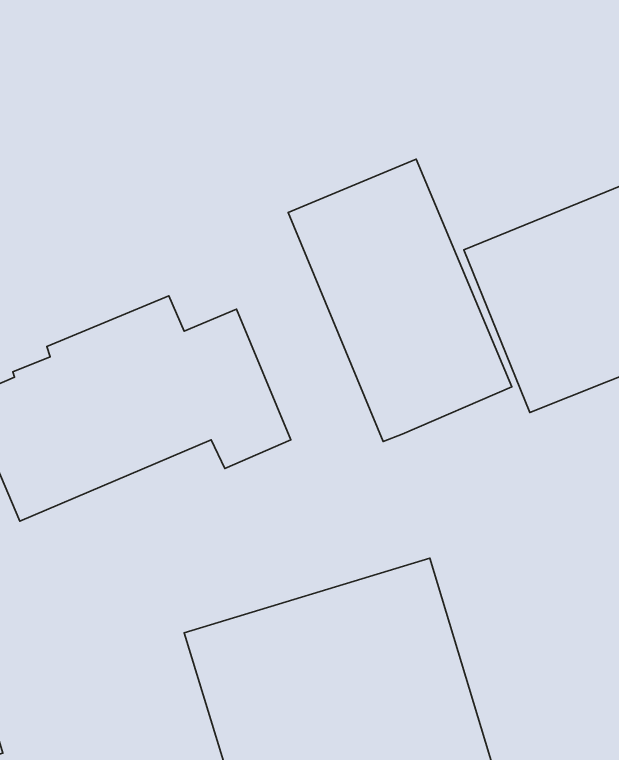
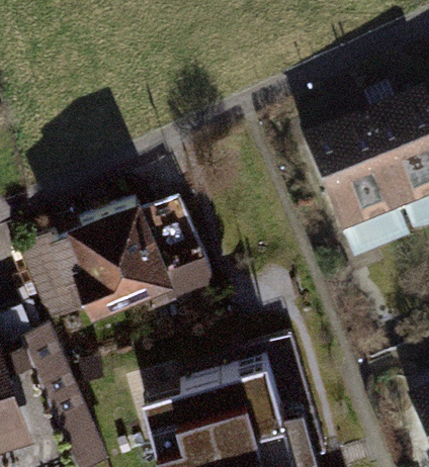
building: [288,159,512,441] -> none

